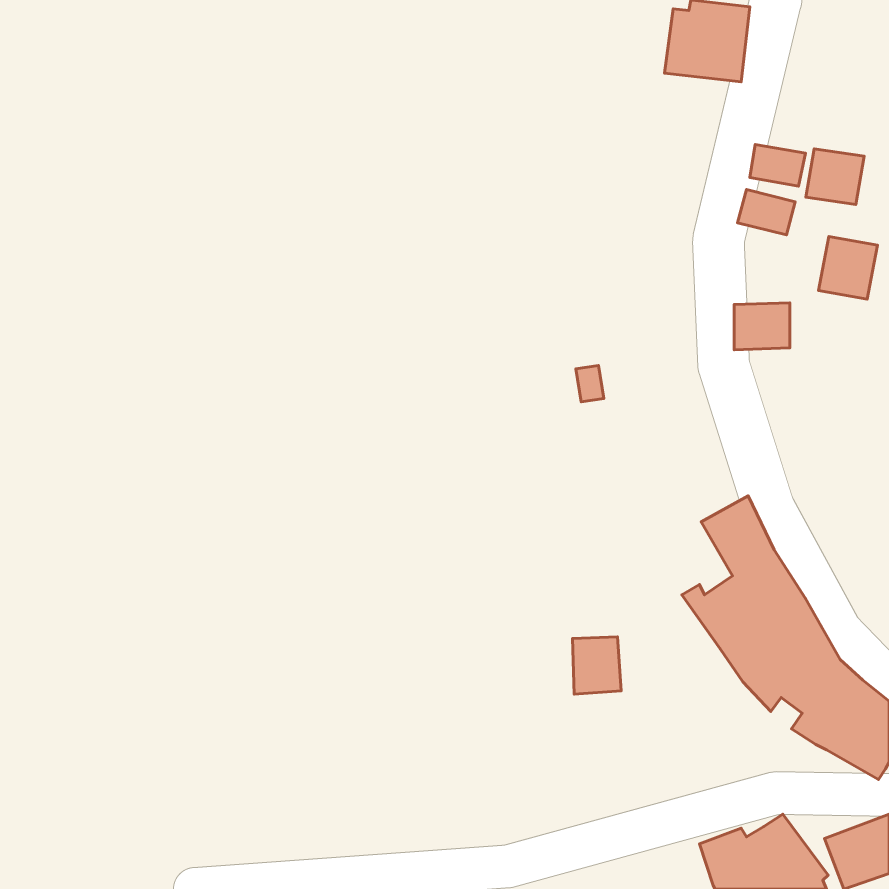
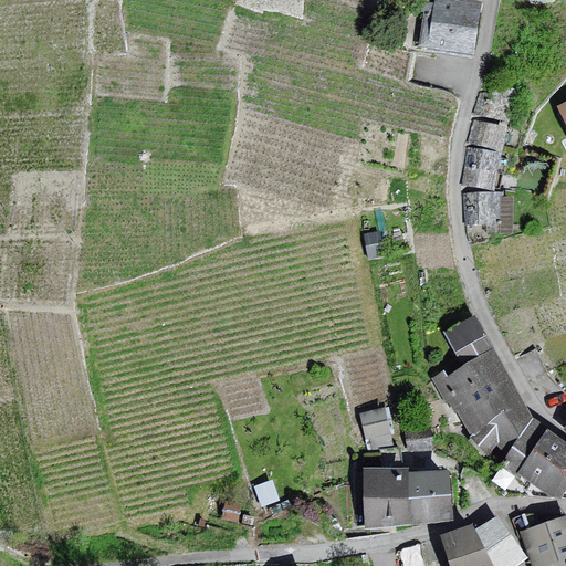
building: [806,149,864,204] -> none
building: [818,236,878,299] -> [462,148,500,188]
building: none -> [366,469,451,526]

